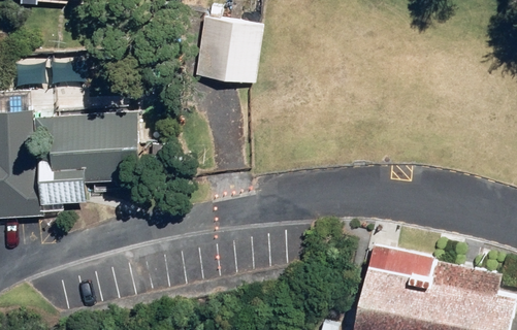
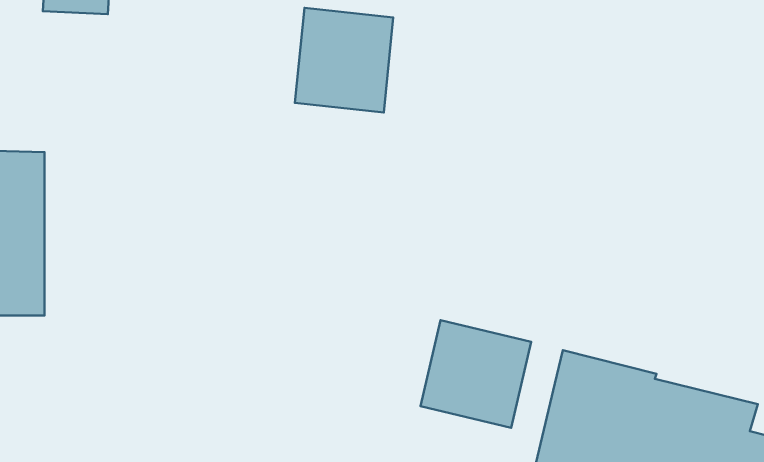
building: [43,116,116,210] -> none
building: none -> [420,320,531,428]

